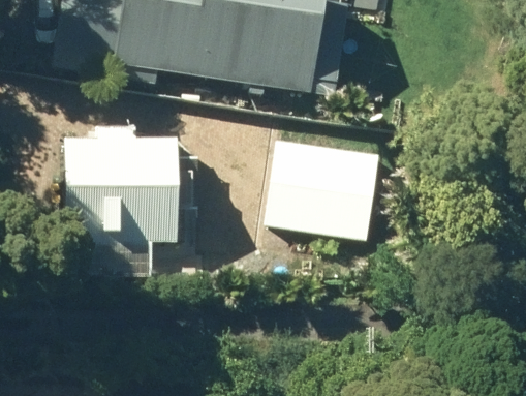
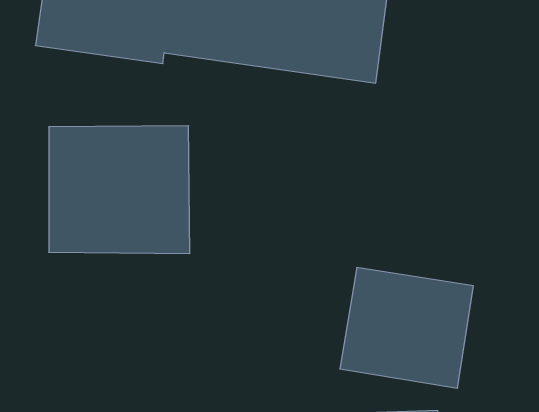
building: [265,139,378,241] -> [340,268,473,388]

